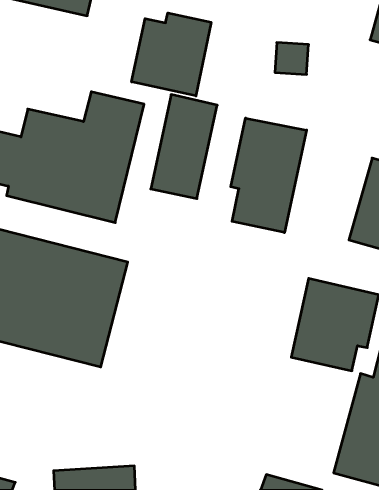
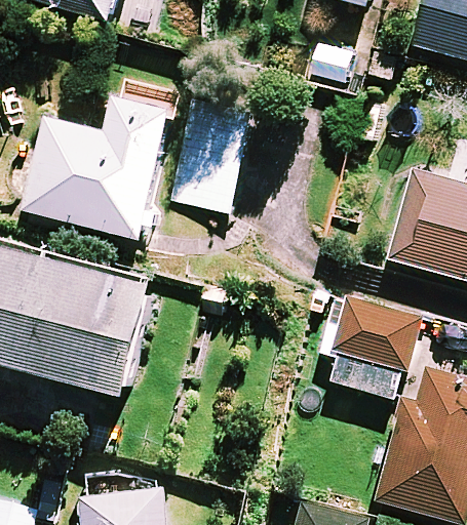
building: [132,13,211,96] -> none
building: [231,118,307,233] -> none

